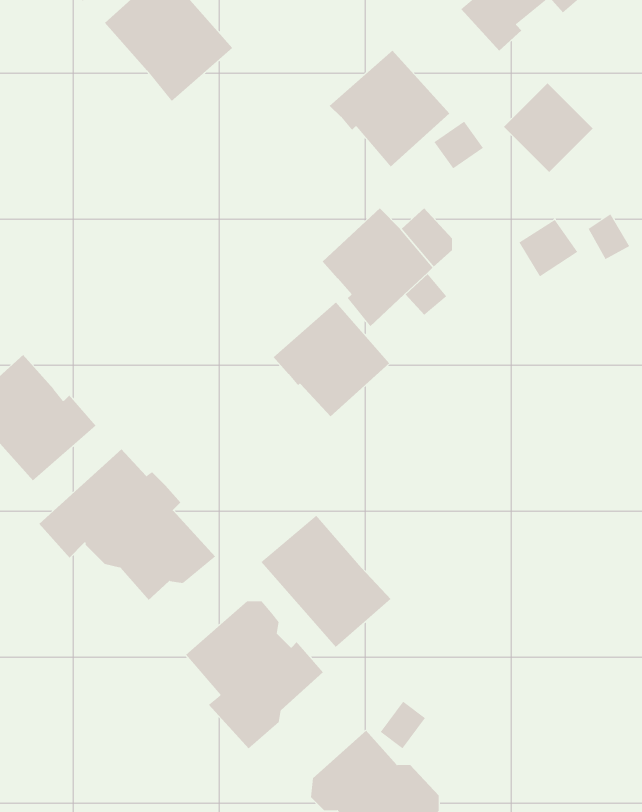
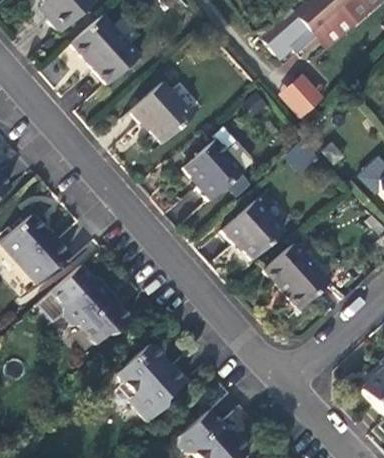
building: [329,50,450,167] -> [129,82,192,143]
building: [273,301,390,417] -> [224,200,285,260]
building: none -> [264,243,329,309]
building: [261,515,391,648] -> none

